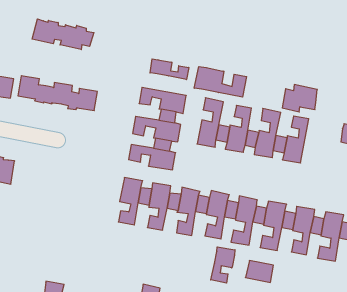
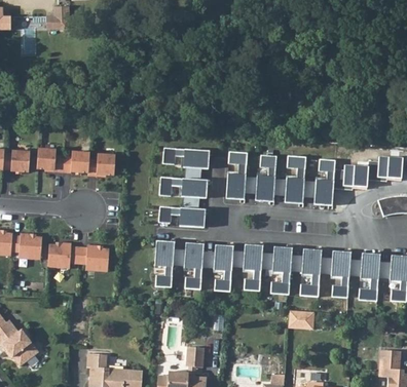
building: [32,19,94,50] -> none
building: [150,59,189,80] -> none
building: [194,67,247,97] -> none
building: [282,85,317,112] -> [335,164,368,191]
building: none -> [49,242,111,270]
building: [211,247,235,283] -> none

